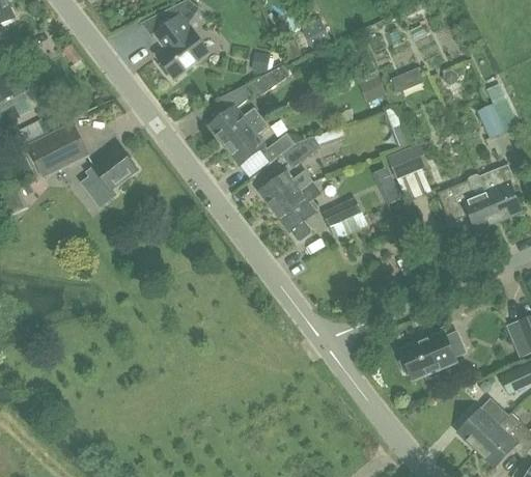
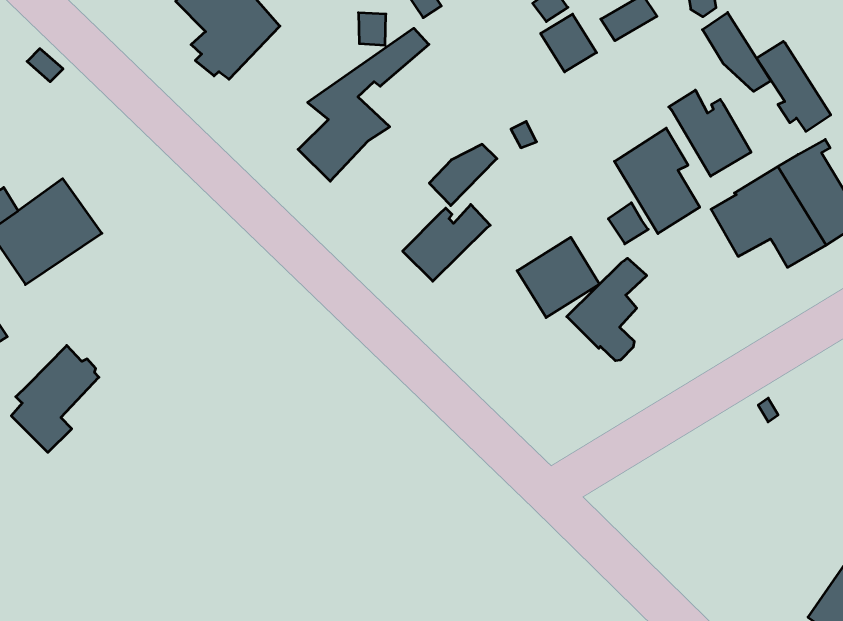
building: none -> [702,12,771,91]
building: [224,118,295,164] -> none
building: none -> [669,90,751,176]
building: [82,146,135,205] -> [11,345,99,452]
building: [274,181,323,238] -> [567,258,647,361]
building: [399,331,455,378] -> none

